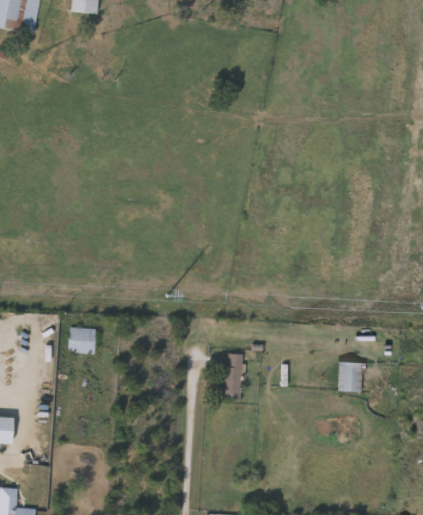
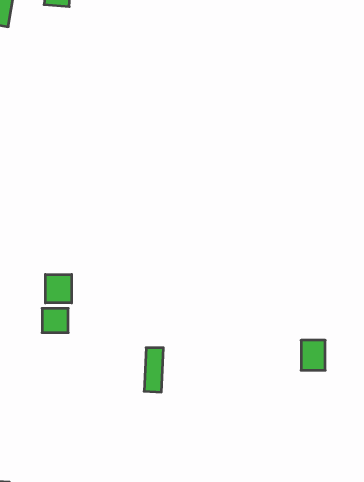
building: none -> [45,274,72,303]
building: [222,353,242,399] -> [144,348,163,392]

